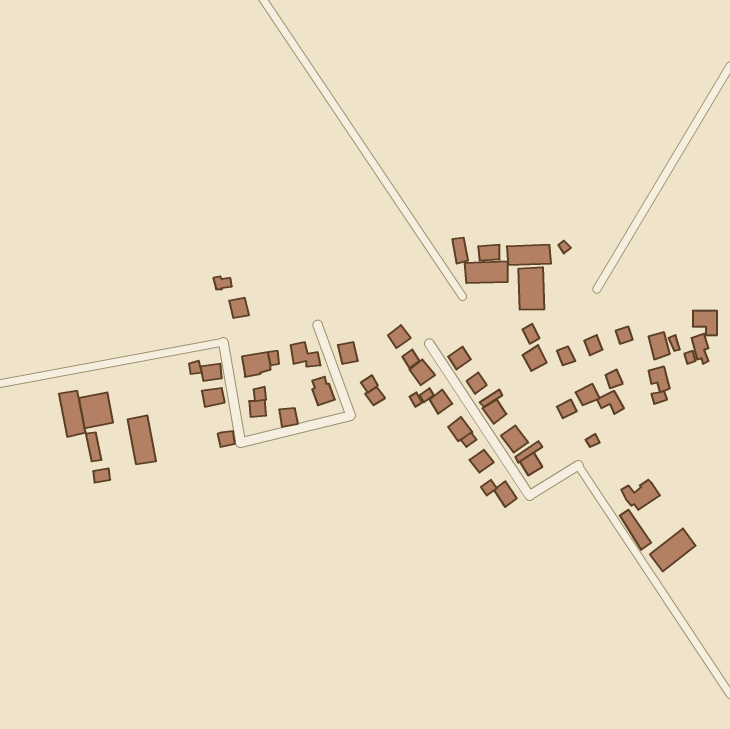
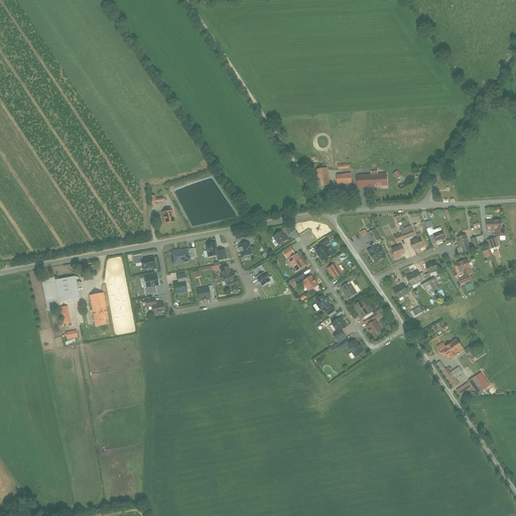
building: [465,261,508,283] -> none
building: [519,267,544,310] -> none

